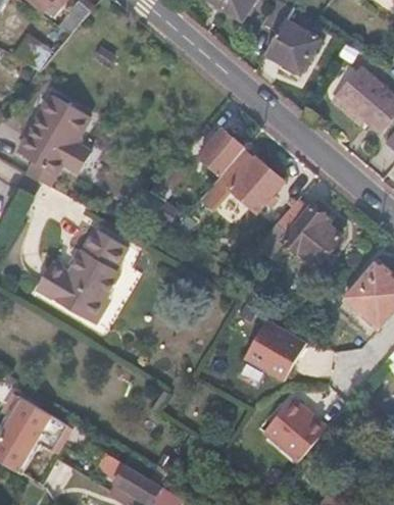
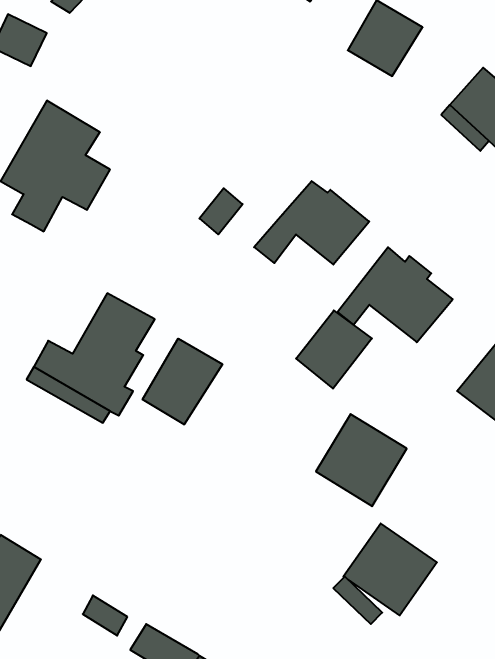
building: [197,128,243,173] -> none
building: none -> [296,310,372,389]
building: none -> [143,339,222,425]

